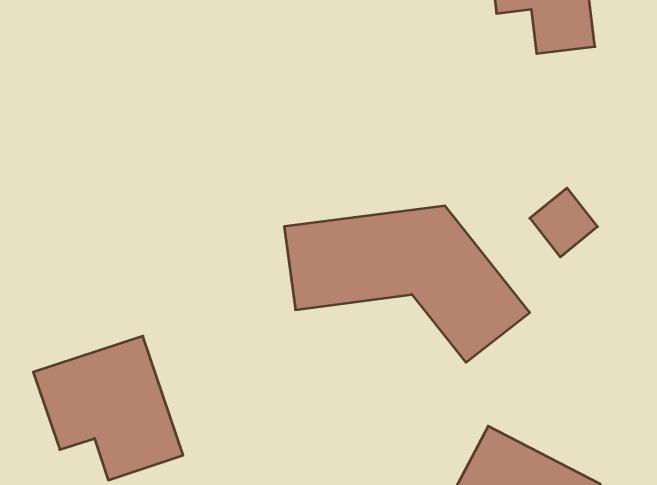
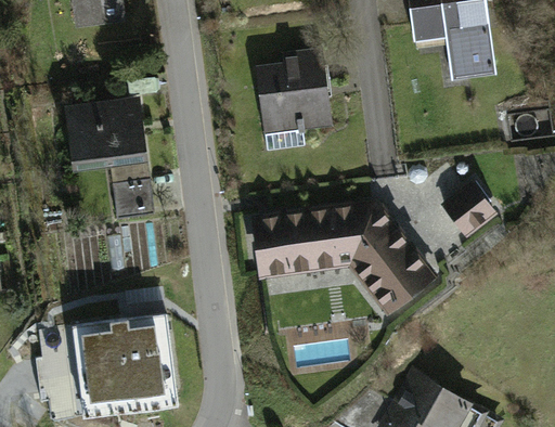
building: none -> [258,51,337,133]
building: none -> [64,102,146,172]

